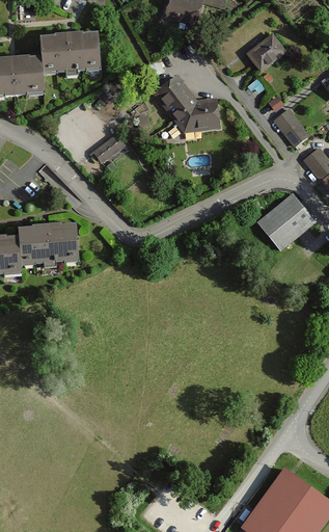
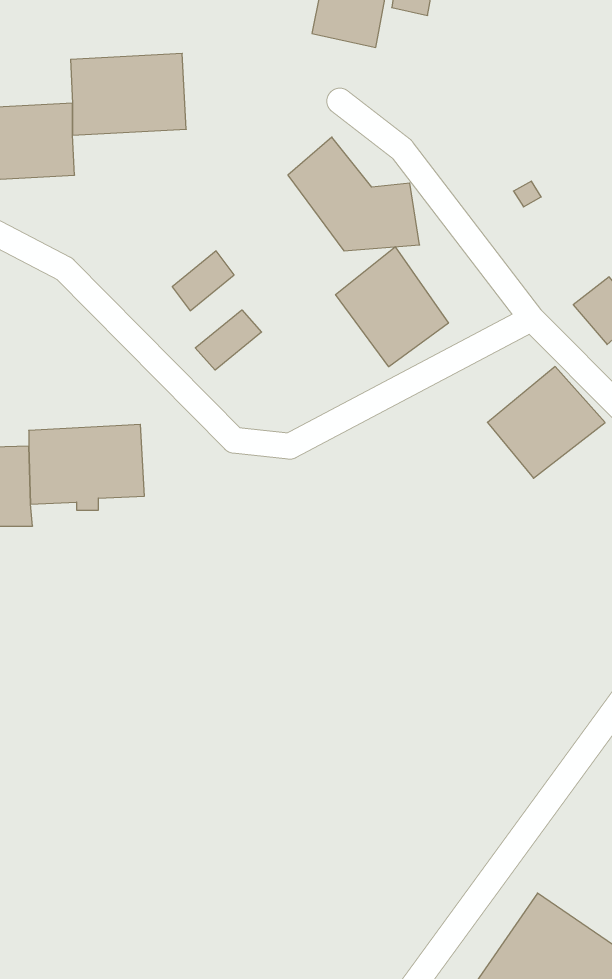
building: [245,32,286,72] -> none
building: [274,109,310,148] -> none
building: none -> [336,247,448,367]
building: none -> [195,310,262,370]

